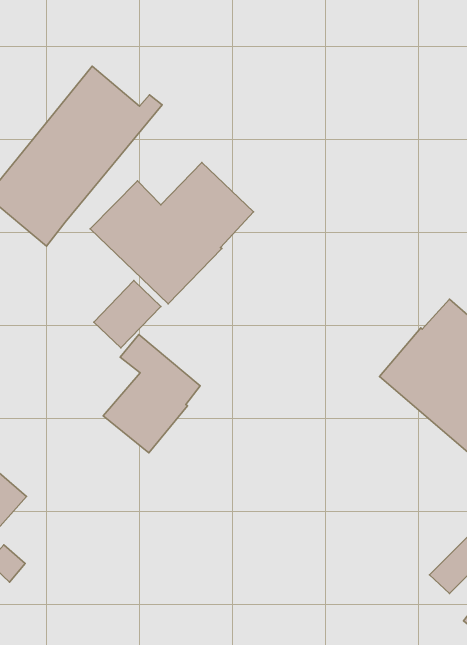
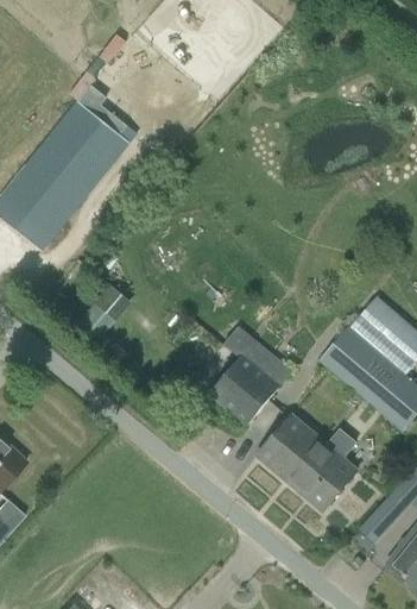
building: [90,163,254,304] -> none
building: [103,334,200,453] -> [208,326,289,425]
building: none -> [257,415,356,511]

